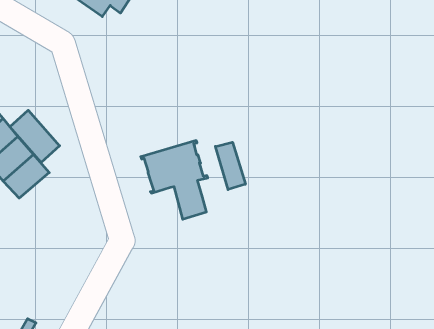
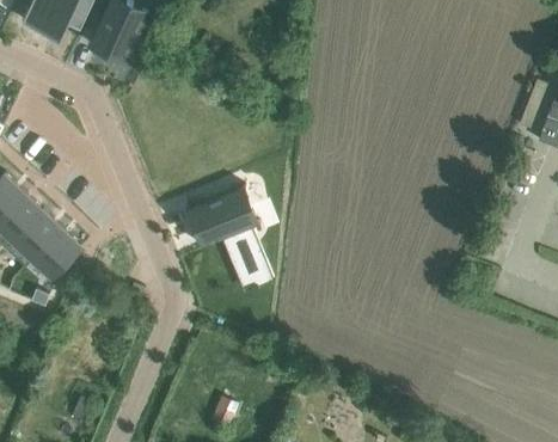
building: [10,110,60,162] -> none
building: [215,142,245,190] -> none

